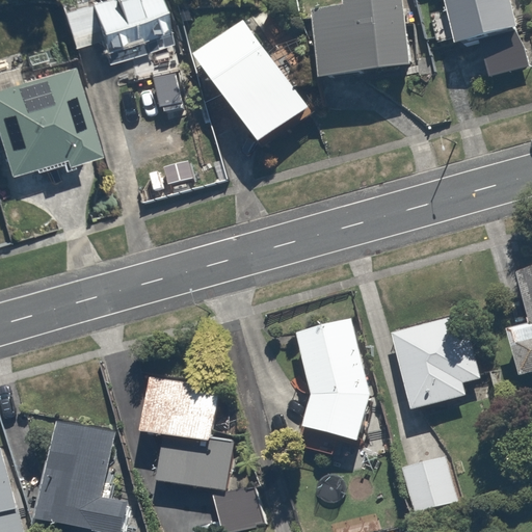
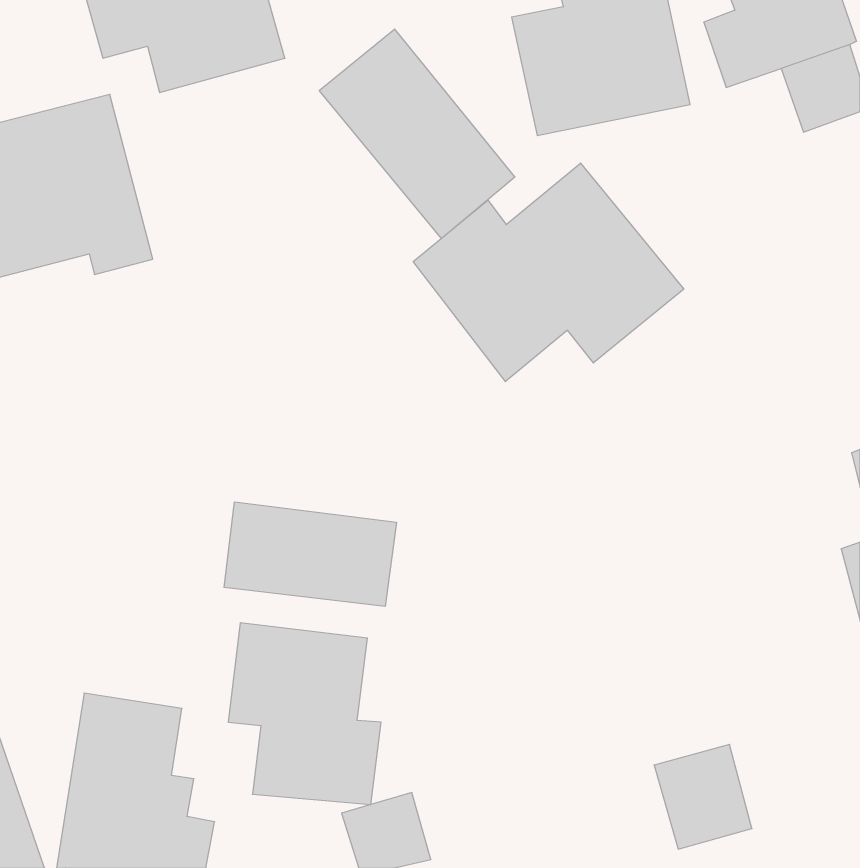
building: none -> [413,163,684,382]
building: none -> [224,502,396,606]
building: [388,312,482,414] -> none
building: [296,315,372,442] -> none

